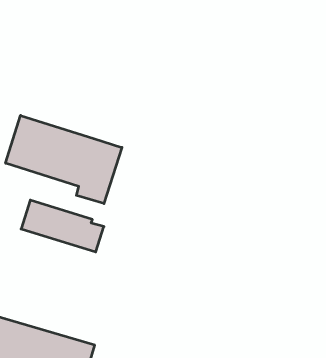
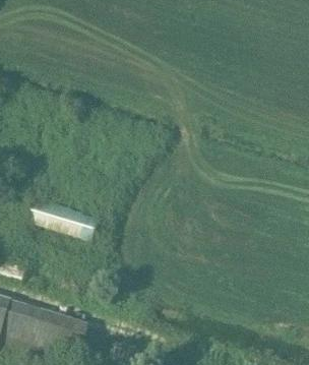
building: [6,115,122,204] -> none

